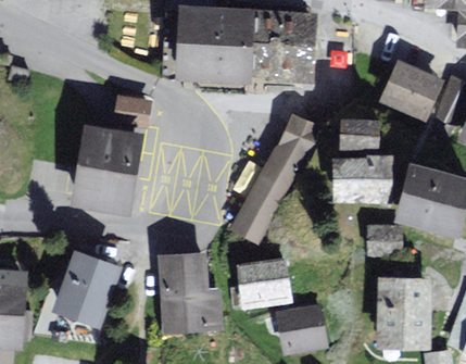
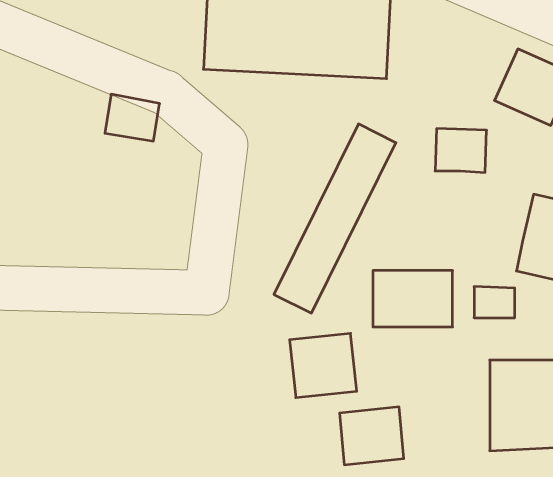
building: [72,121,142,209] -> none
building: [336,160,391,199] -> [373,271,453,327]
building: [51,242,123,322] -> none
building: [156,255,222,331] -> none

